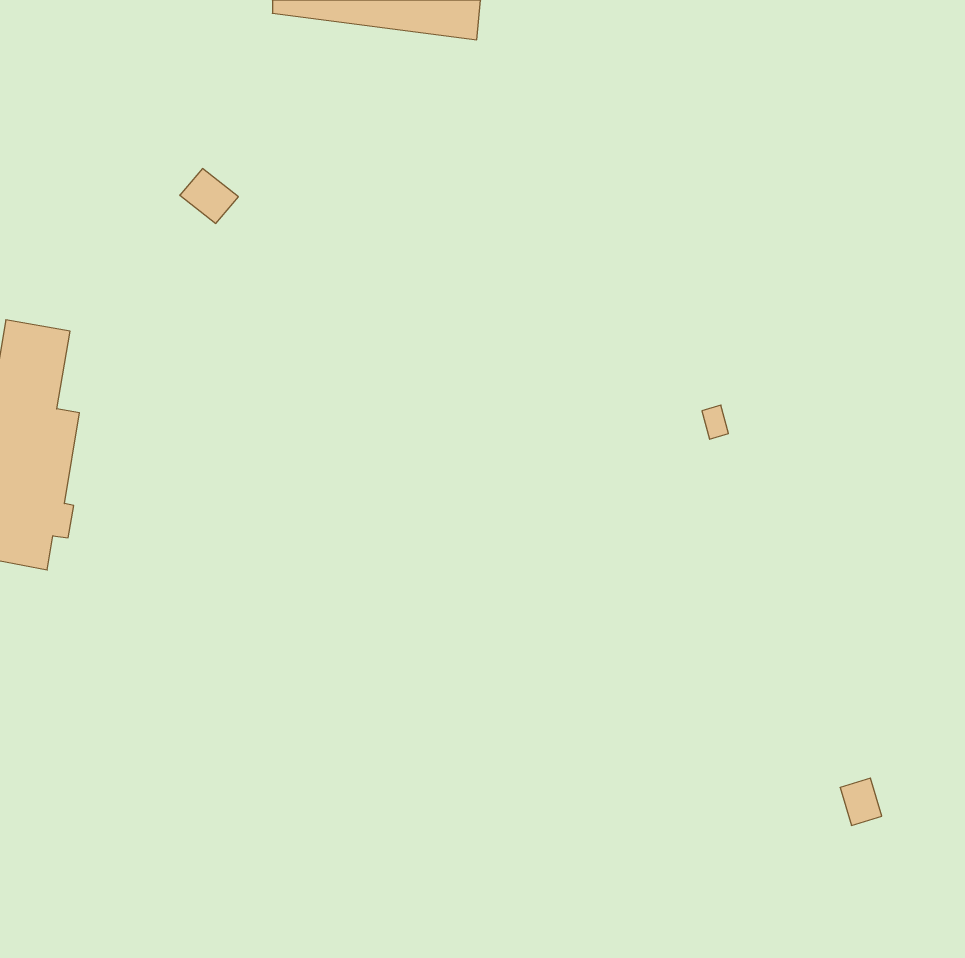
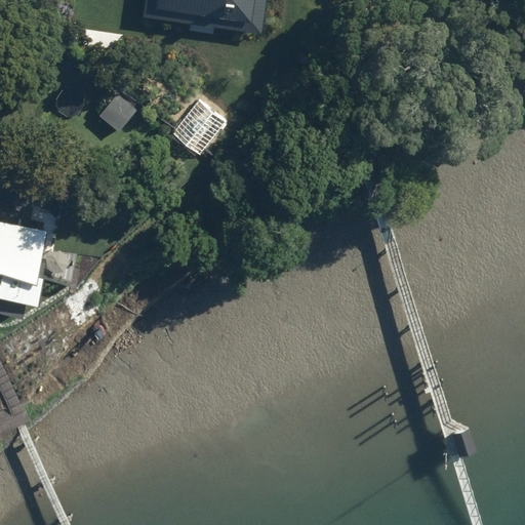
building: none -> [173,97,228,153]

